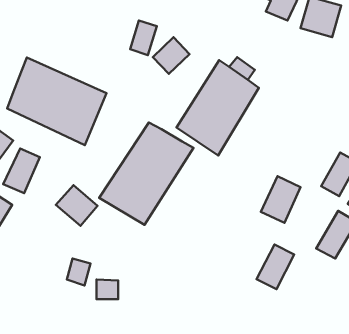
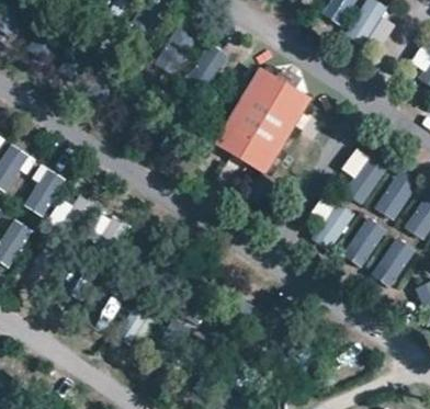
building: [7,58,107,145] -> none
building: [99,123,193,225] -> none
building: none -> [341,147,389,205]
building: [257,244,294,289] -> [343,217,385,266]

